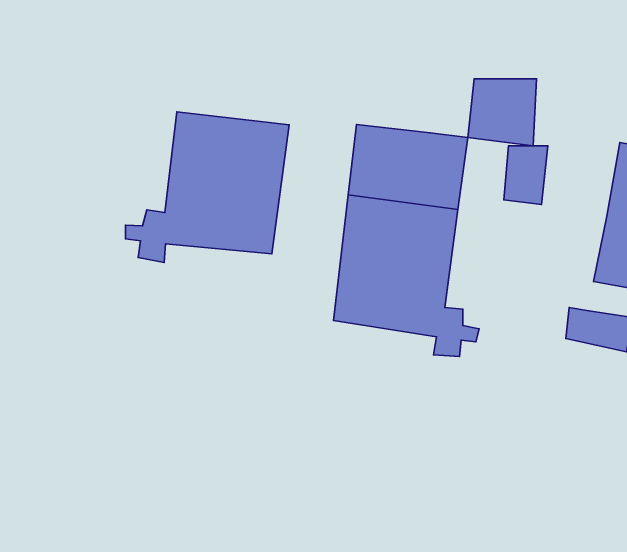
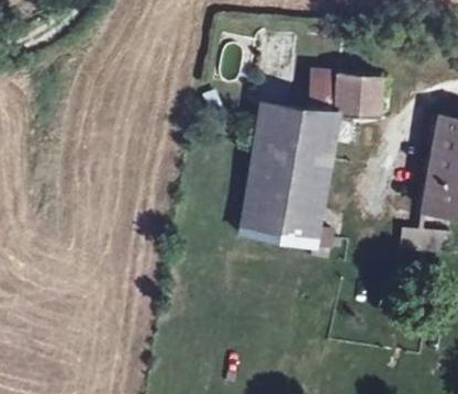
building: [126,112,289,263] -> none
building: [504,146,548,205] -> [310,72,339,112]

